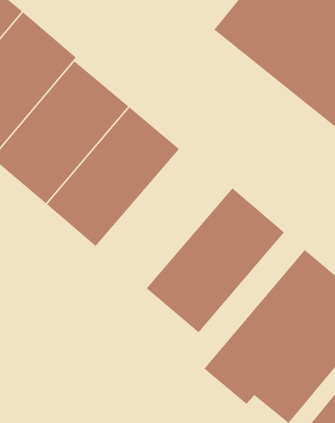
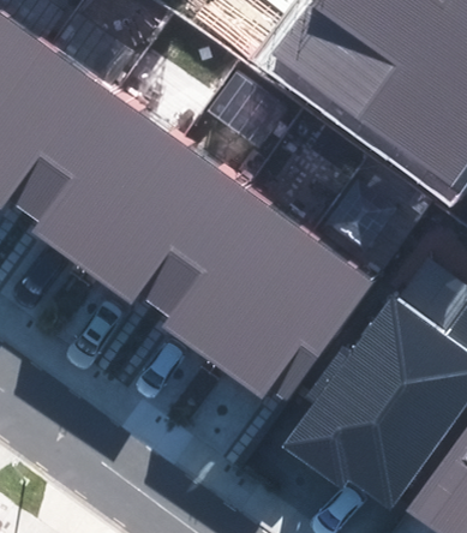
building: none -> [152,190,306,359]

